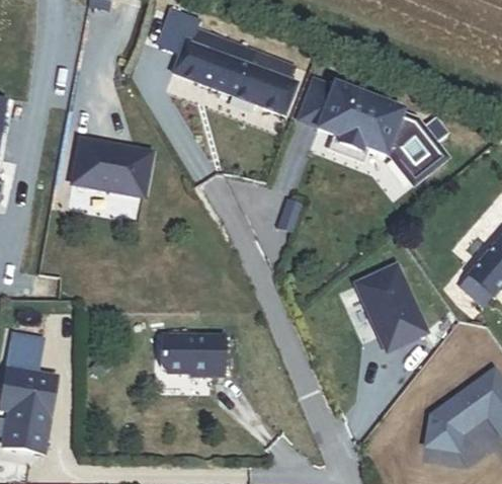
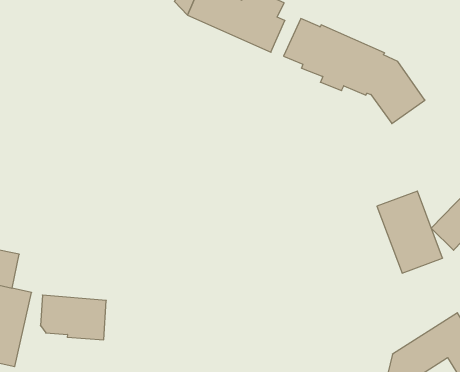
building: [70,143,149,199] -> none
building: [356,265,427,350] -> [377,191,443,273]
building: [159,329,225,371] -> [40,295,106,340]

